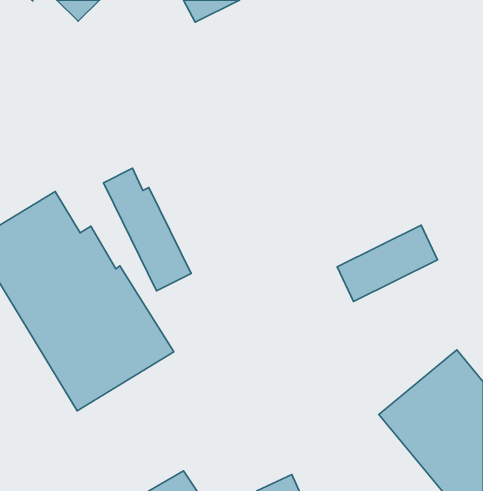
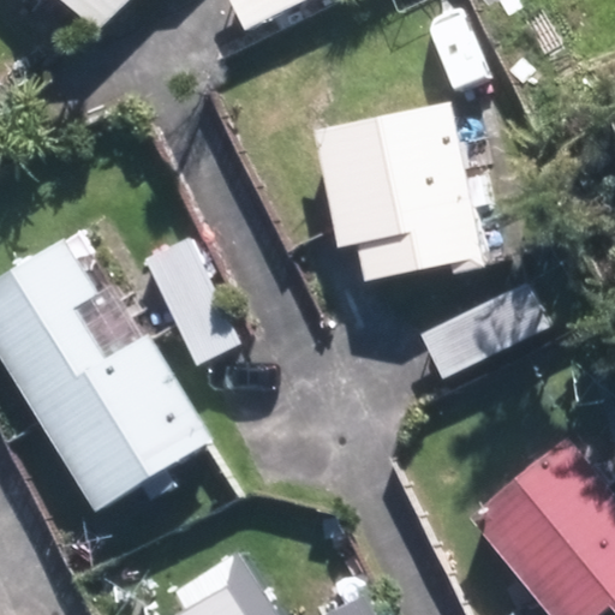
building: none -> [316,102,482,279]

